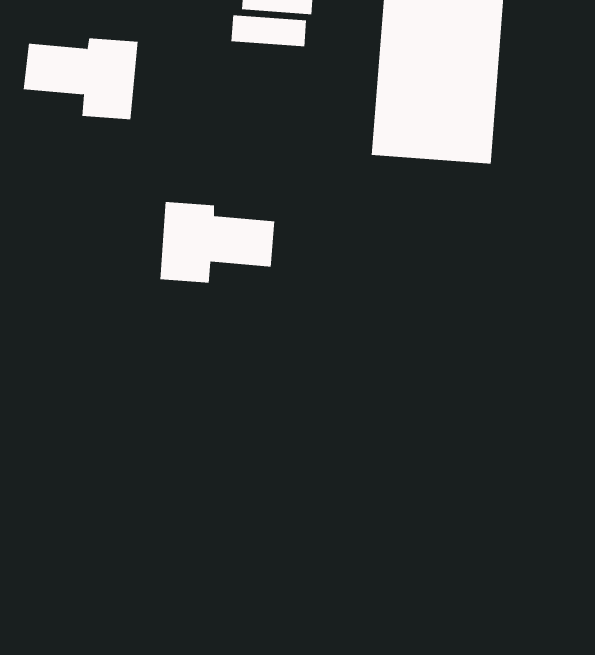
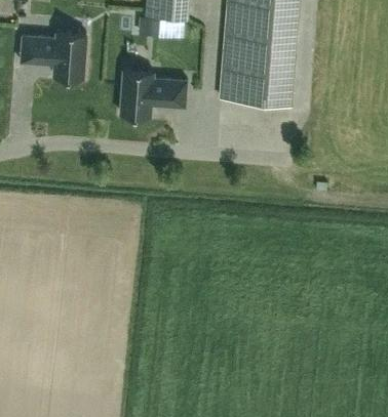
building: [160,202,275,283] -> [121,70,188,117]

